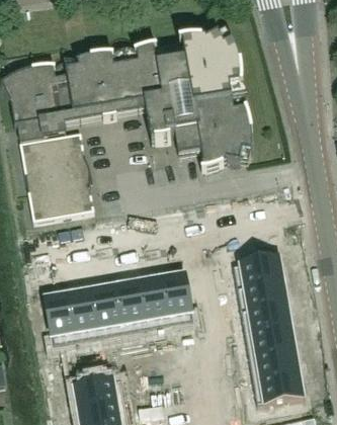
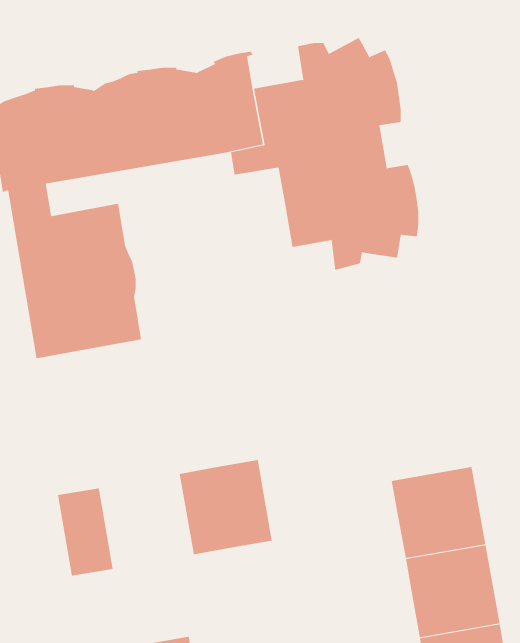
building: [147,109,176,140] -> none
building: [233,256,283,288] -> none
building: [161,272,193,323] -> none
building: [70,284,123,339] -> none

